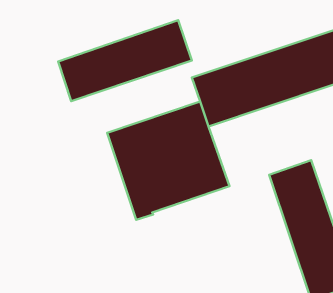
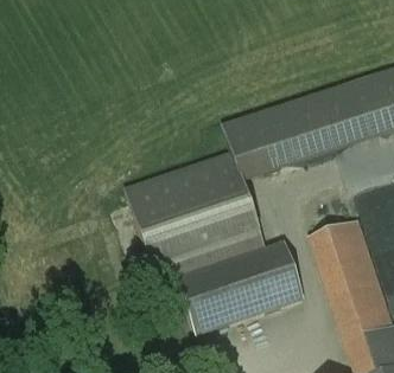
building: [58,20,192,101] -> none
building: none -> [177,240,304,332]

